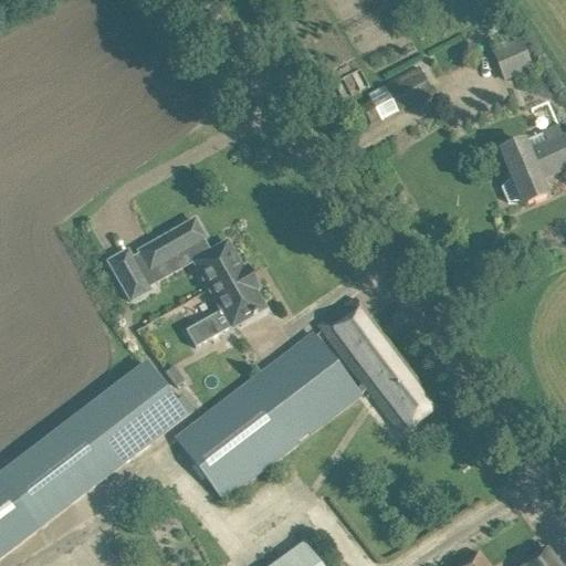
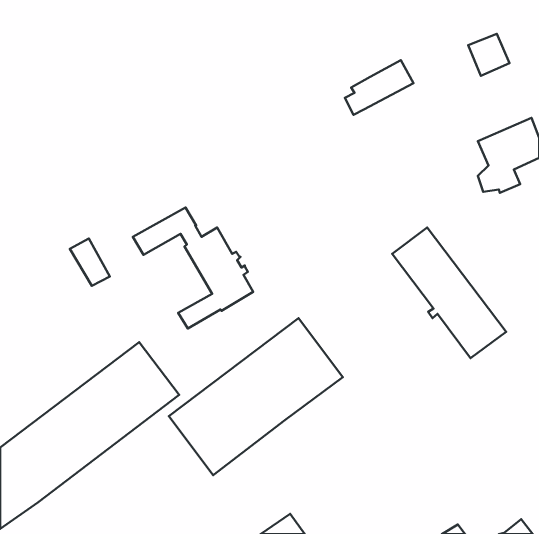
building: [108,249,150,298] -> [70,238,110,286]
building: [319,295,439,432] -> [392,227,506,358]

